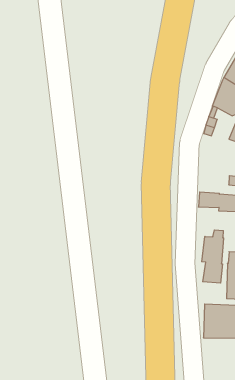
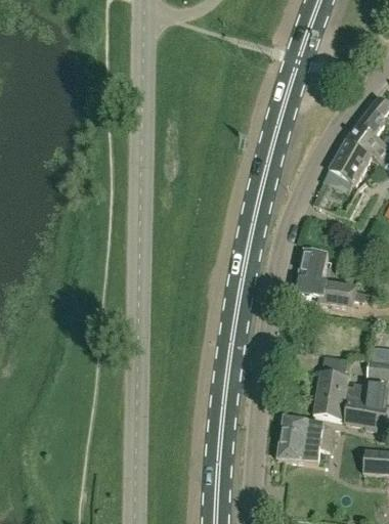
building: none -> [298,248,329,280]
building: [202,230,224,283] -> none

